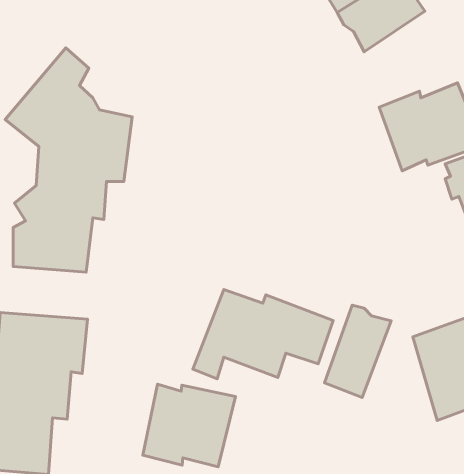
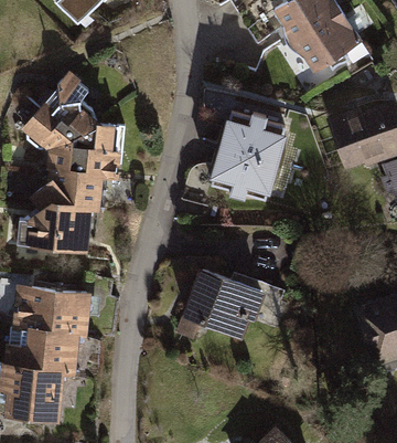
building: none -> [210,108,290,204]
building: [324,305,391,398] -> none
building: [143,384,236,467] -> none

